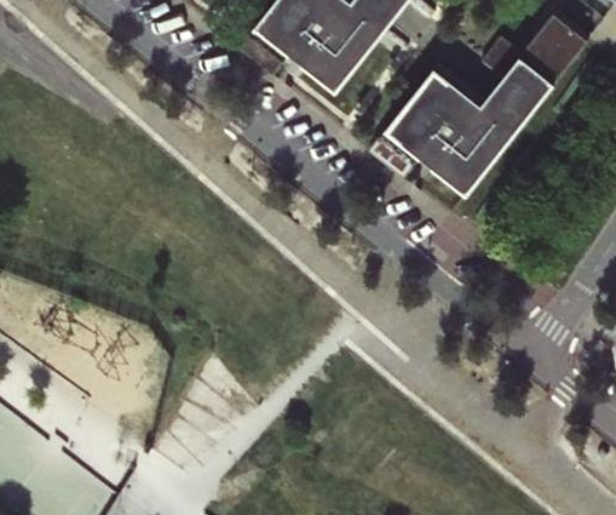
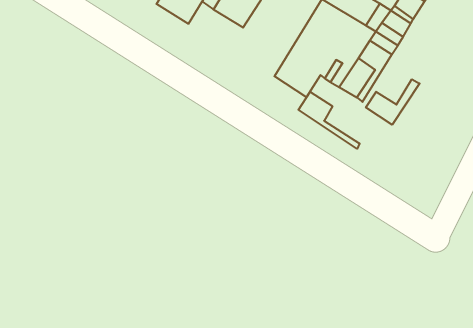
building: none -> [366,79,420,125]
building: none -> [298,92,360,149]

